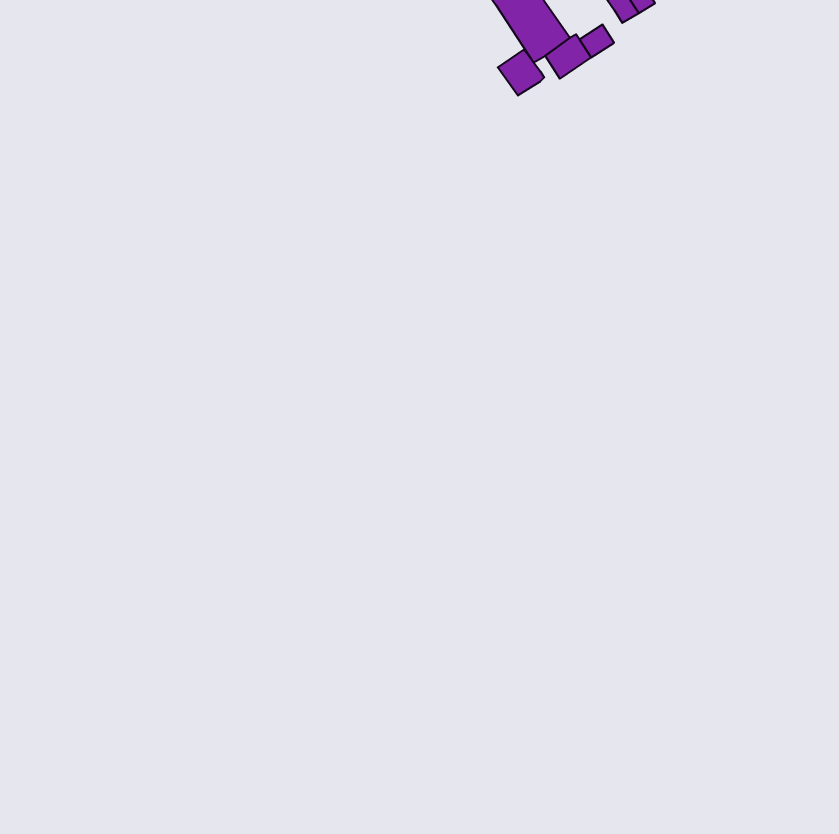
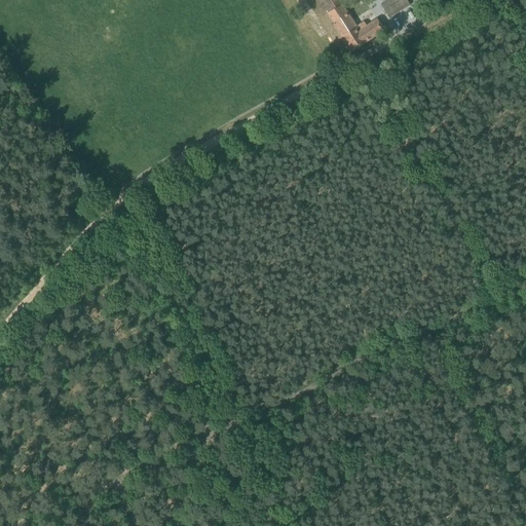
building: [498,49,544,96] -> none

